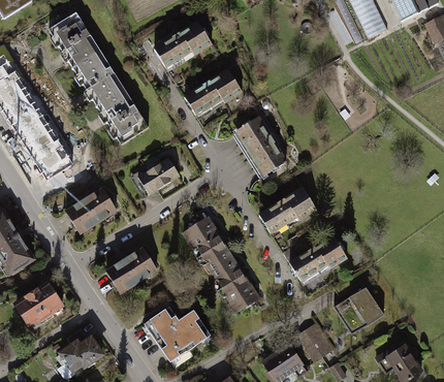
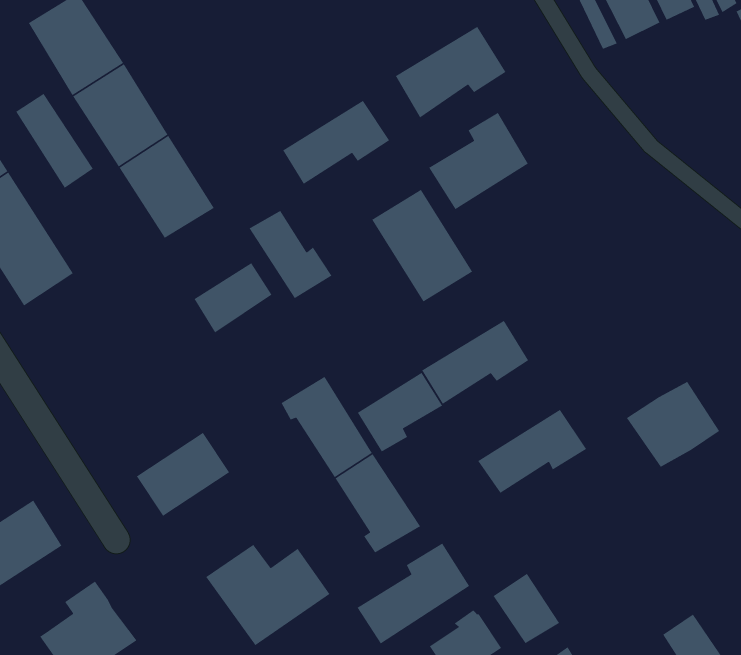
building: [153,21,213,70] -> [395,26,507,118]
building: none -> [15,93,94,189]
building: none -> [428,112,529,210]
building: none -> [249,210,333,299]
building: [64,187,115,232] -> none
building: none -> [357,372,443,453]
building: [332,286,383,332] -> [626,381,720,468]
building: none -> [357,543,470,644]

